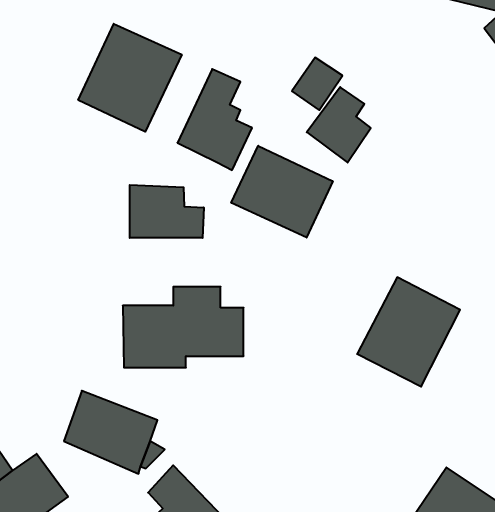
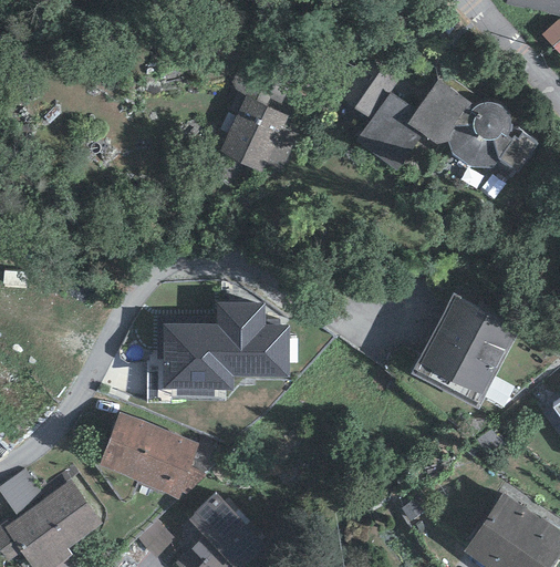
building: [78,24,182,132] -> none
building: none -> [408,79,538,179]
building: [231,146,333,238] -> none
building: [130,185,204,238] -> none

